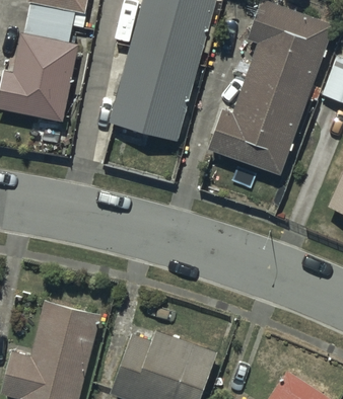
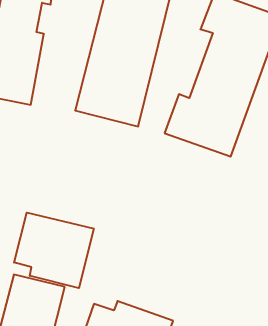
building: none -> [14,213,94,288]

